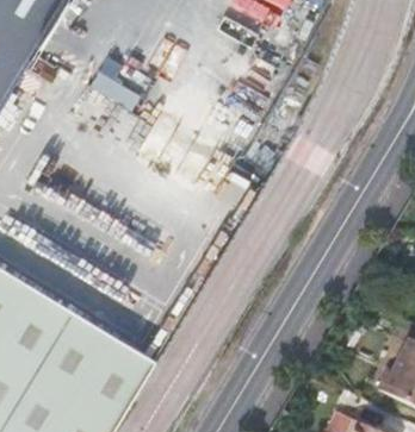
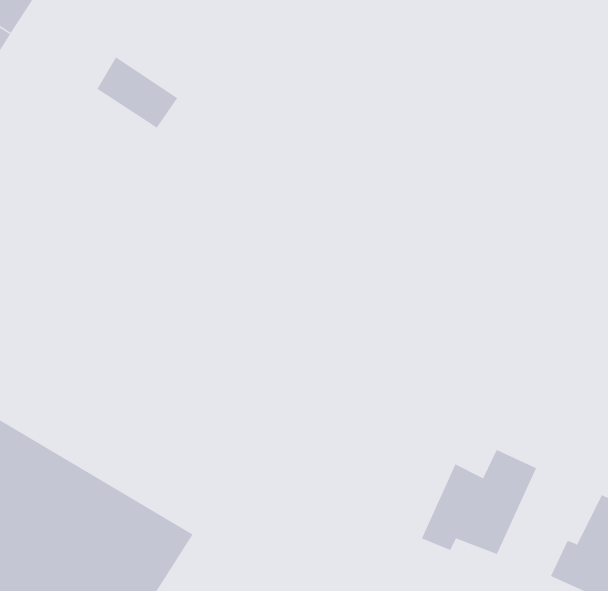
building: none -> [421,449,537,555]

